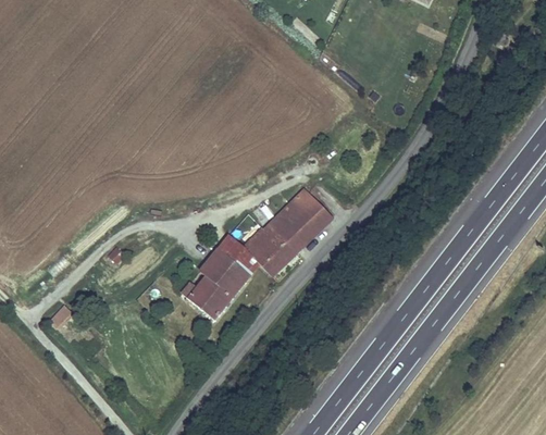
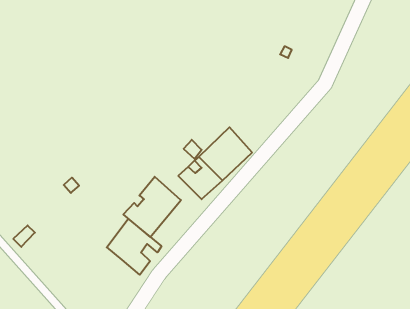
building: [215,232,259,276] -> none
building: none -> [107,219,161,275]

